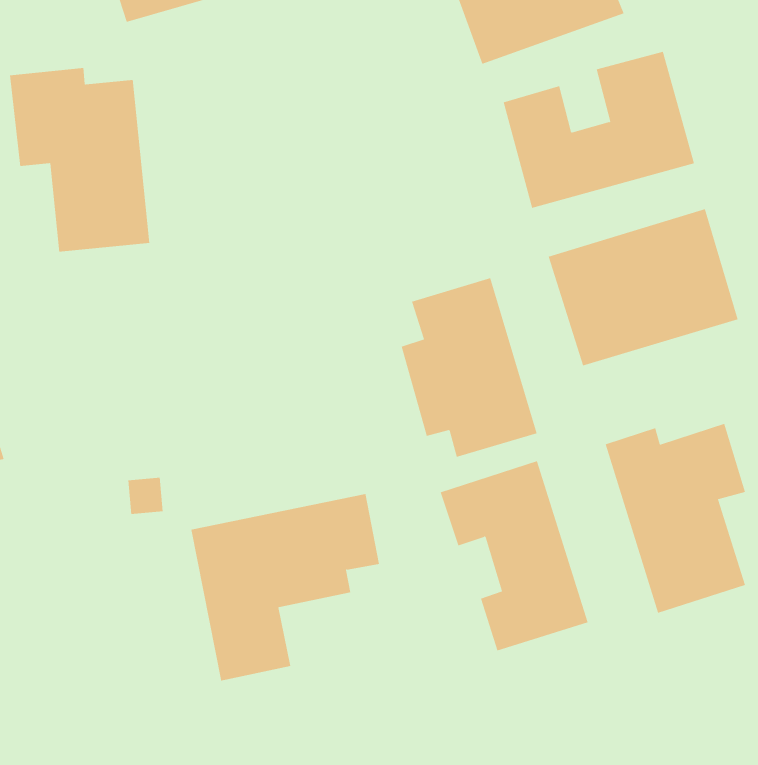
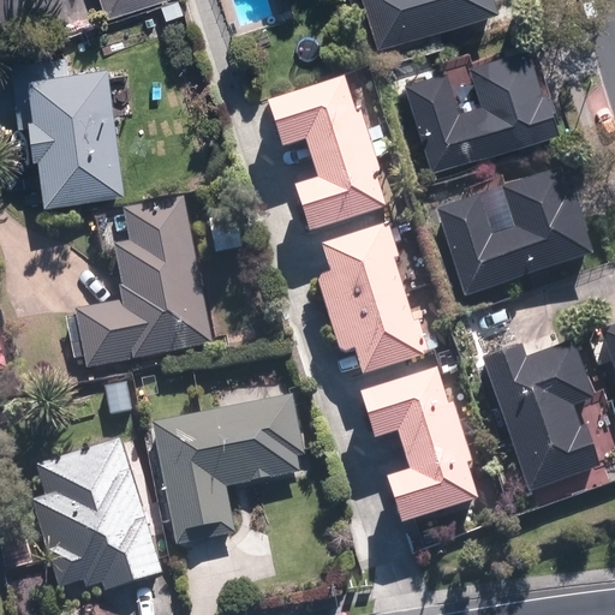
building: none -> [270,77,389,229]
building: none -> [77,191,208,365]
building: none -> [34,440,157,586]

